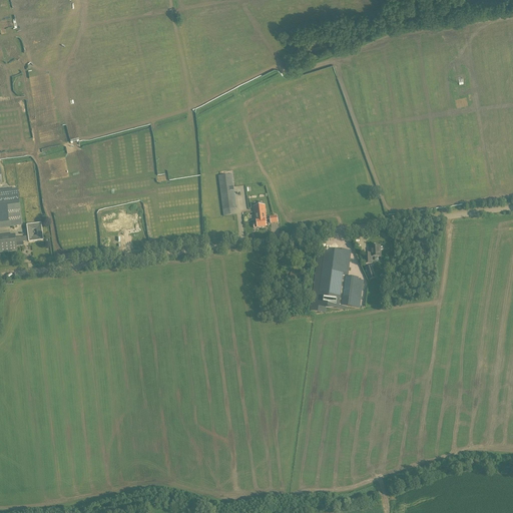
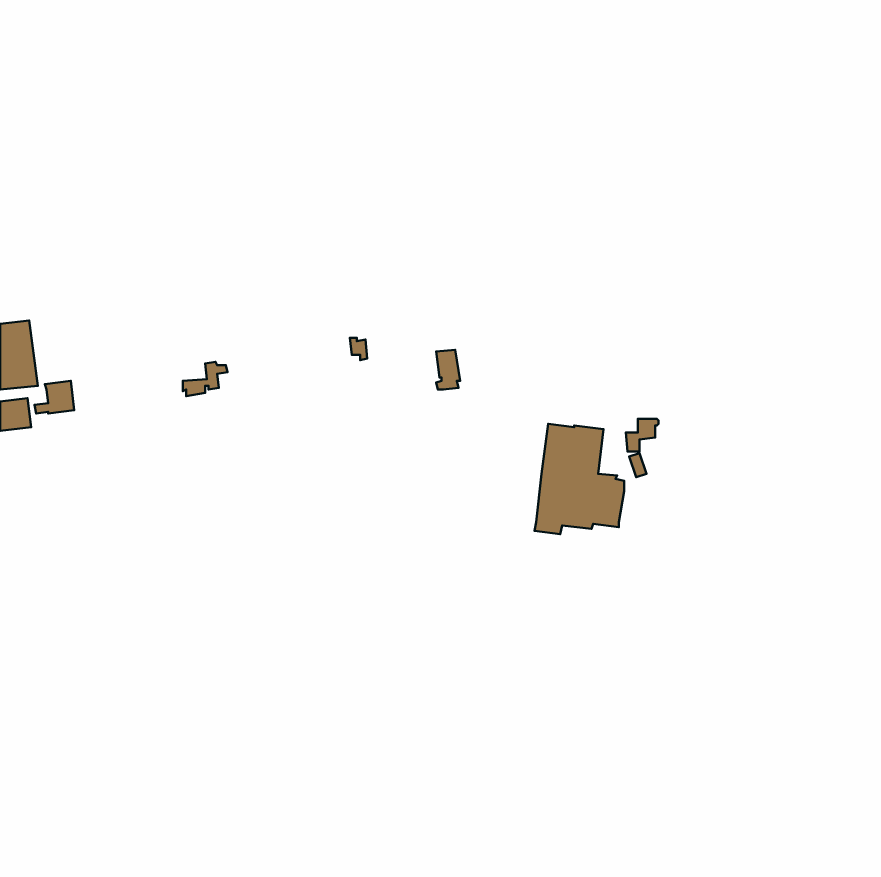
building: [218,172,236,208] -> none

